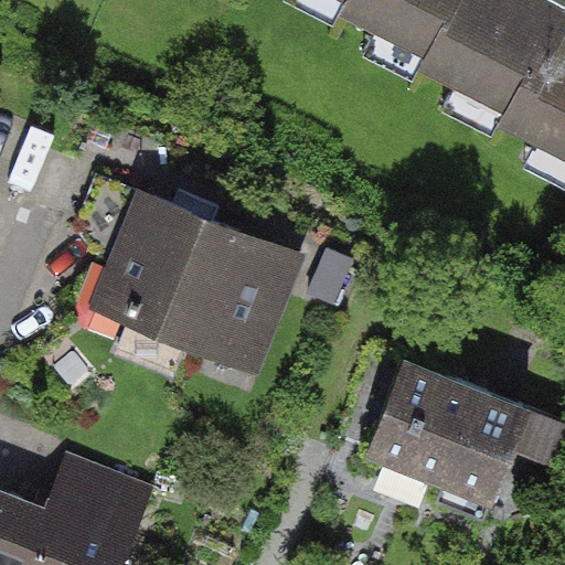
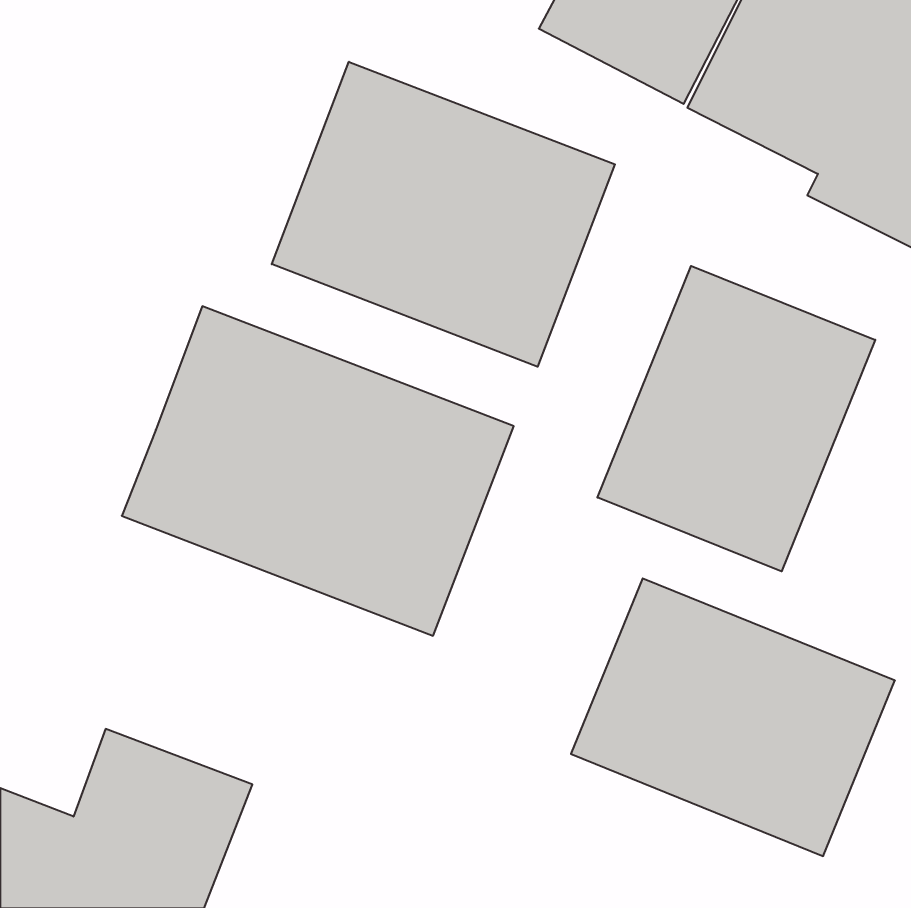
building: none -> [272,62,615,367]
building: none -> [597,266,875,571]

